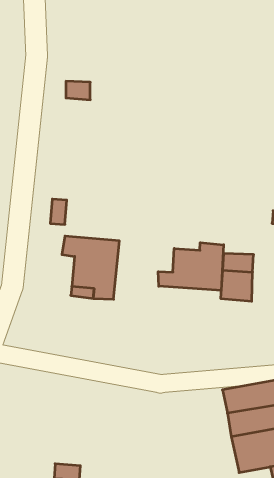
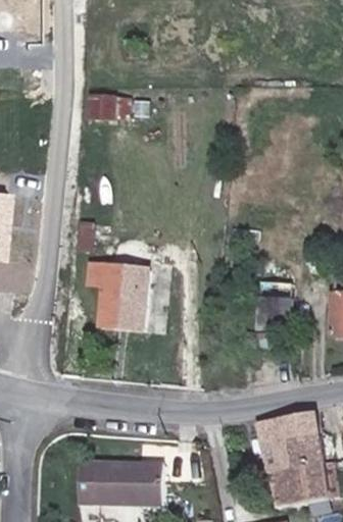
building: [158,243,224,291] -> none
building: none -> [76,459,160,502]

